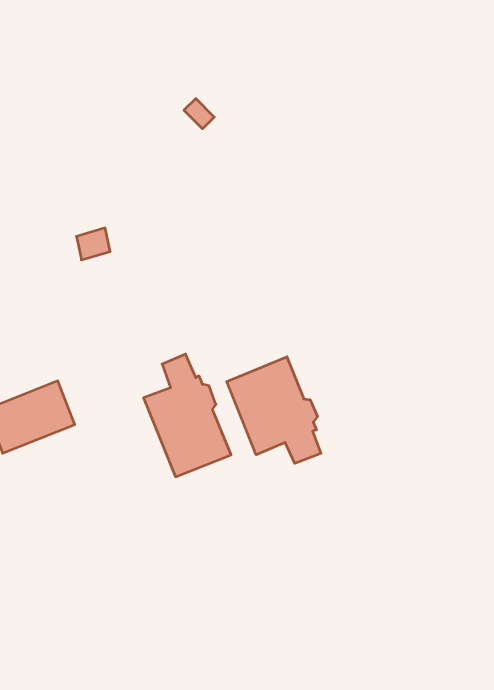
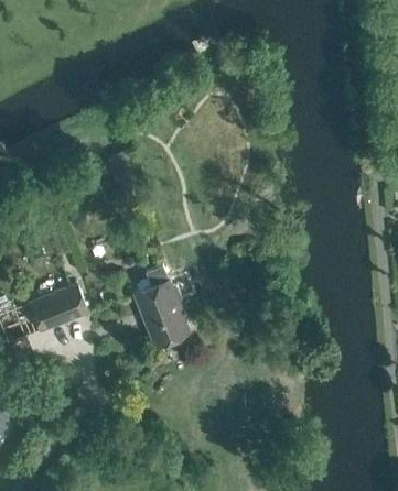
building: [227,357,321,463] -> none

